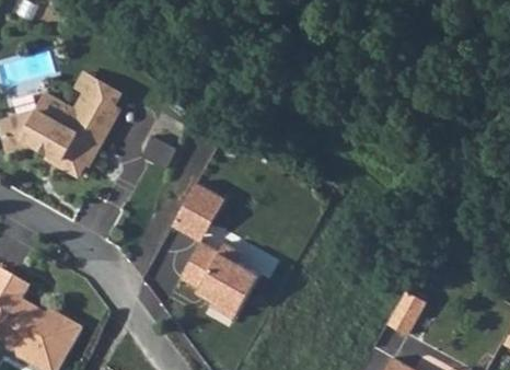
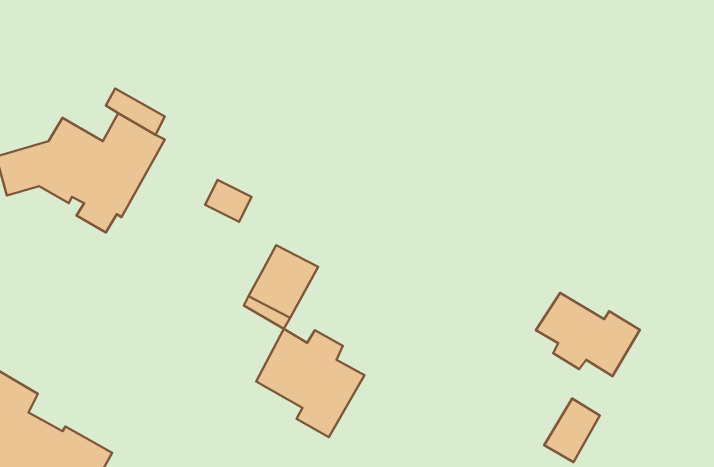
building: none -> [536,293,640,376]

